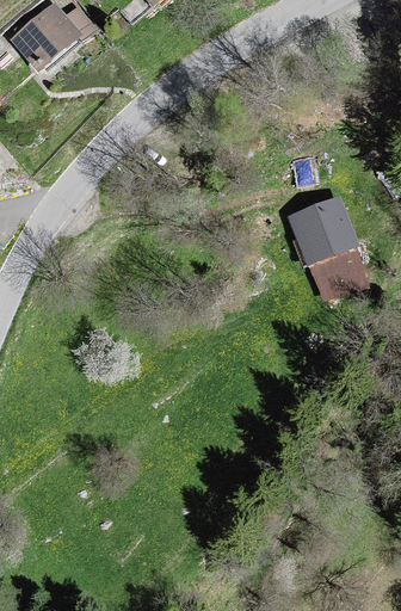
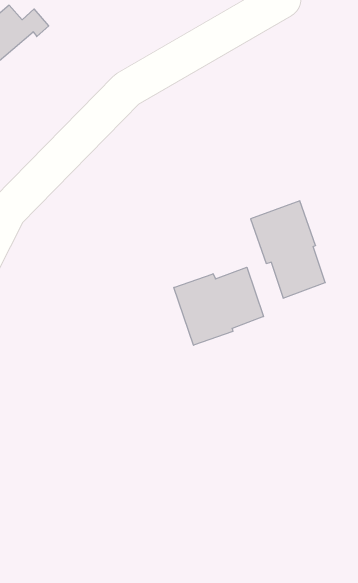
building: none -> [174,267,263,345]

